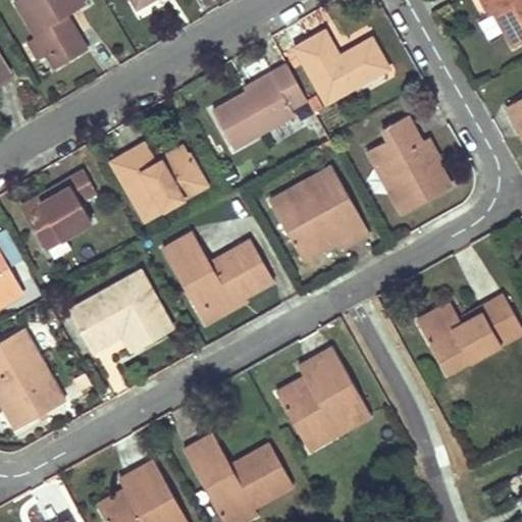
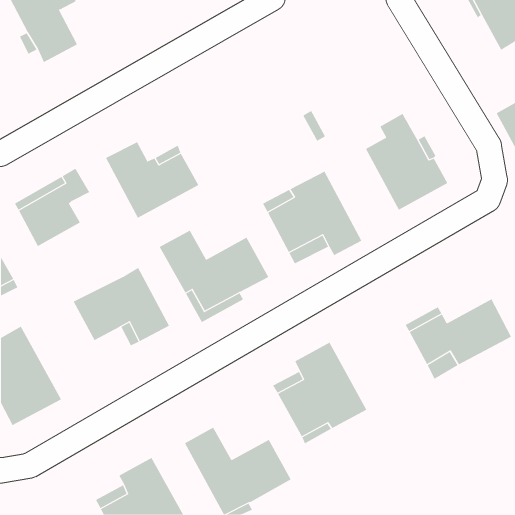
building: [298,29,390,101] -> none
building: [209,65,304,149] -> none

